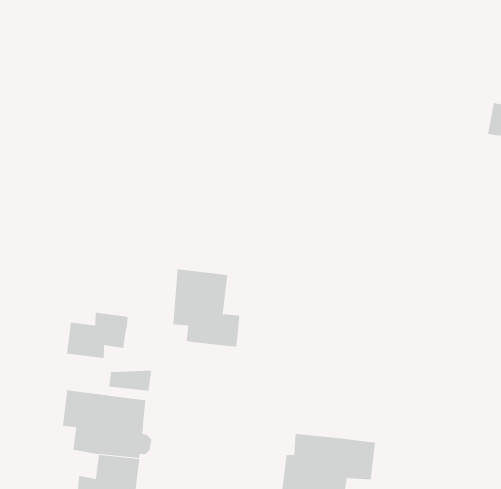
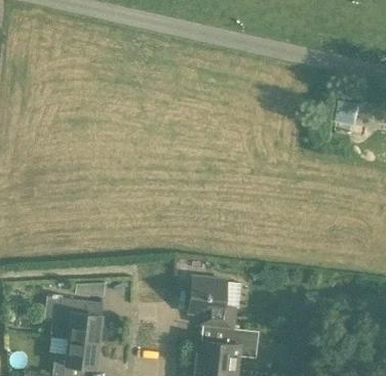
building: [172,269,240,347] -> [190,276,236,329]
building: [66,312,128,359] -> none

